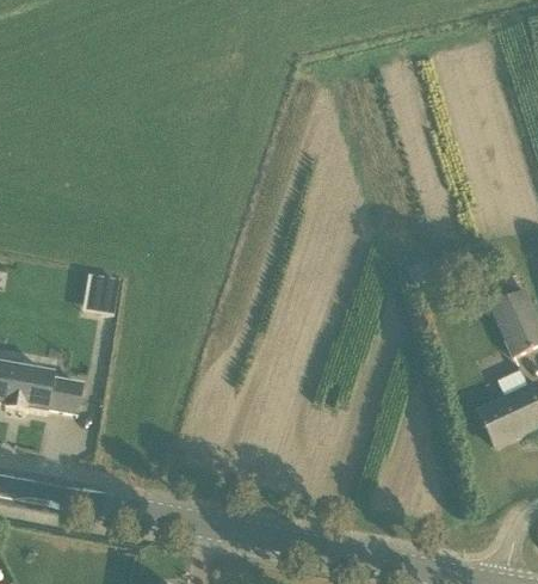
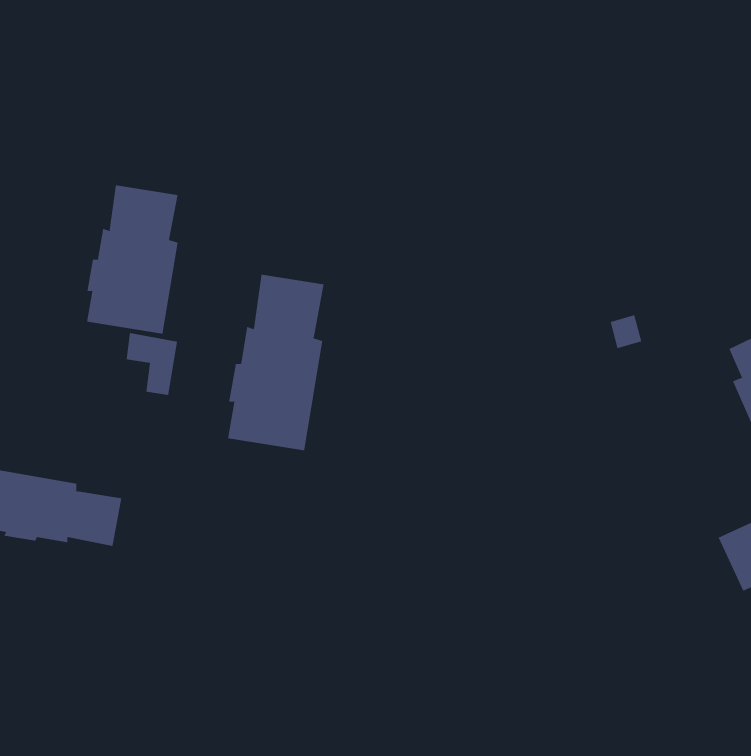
building: none -> [87,185,178,335]
building: none -> [228,274,324,451]

